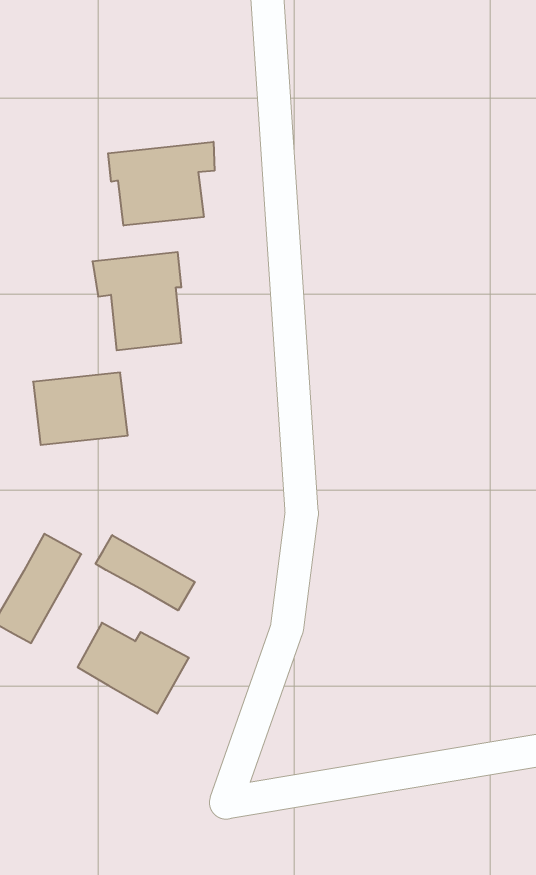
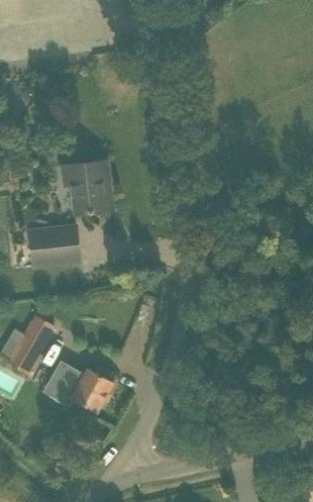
building: [108,142,214,226] -> none
building: [96,535,195,610] -> none

